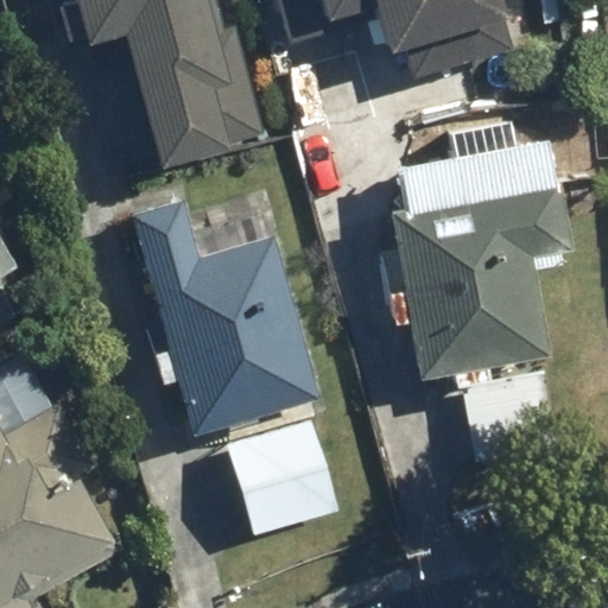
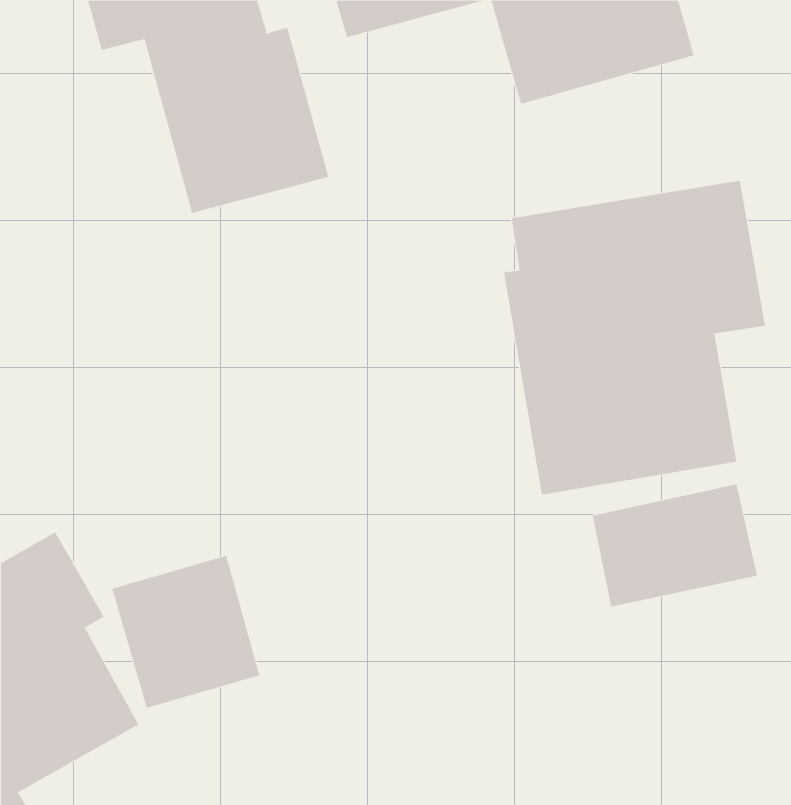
building: [128,198,317,426] -> none
building: [223,418,335,533] -> [111,555,260,709]

